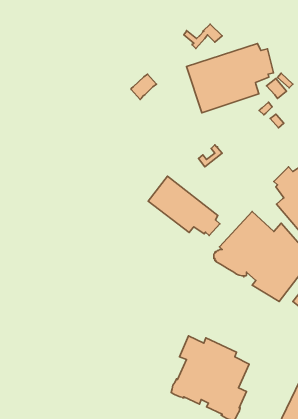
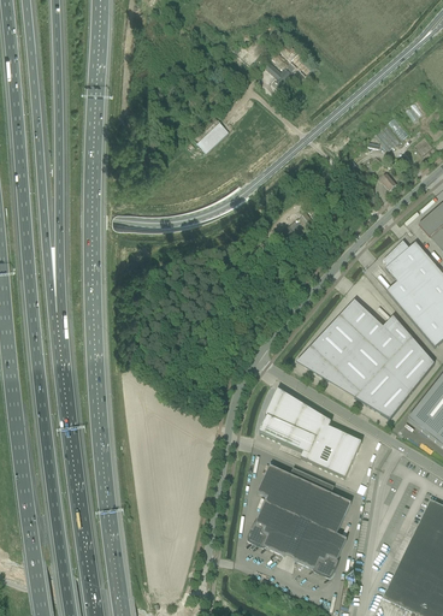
building: [186,43,274,113] -> none
building: [148,176,220,235] -> none
building: none -> [260,390,362,479]

